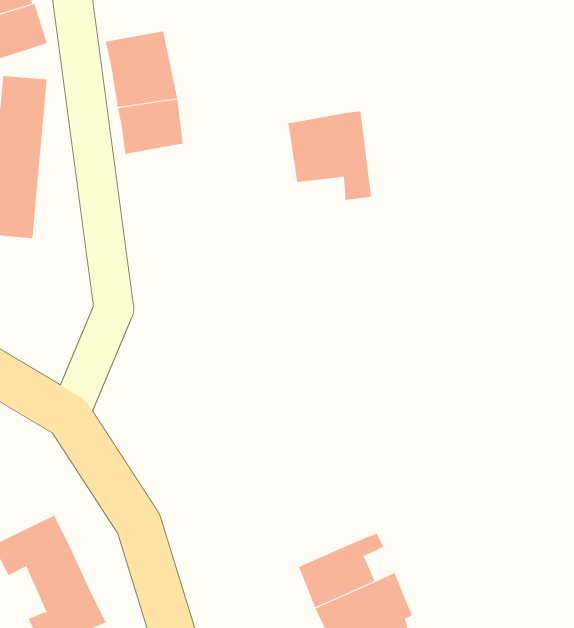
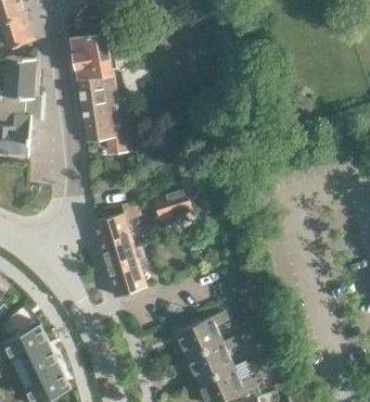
building: [288,111,372,200] -> [81,98,132,152]
building: none -> [153,186,191,219]
building: none -> [92,199,146,296]
building: none -> [176,310,228,355]

